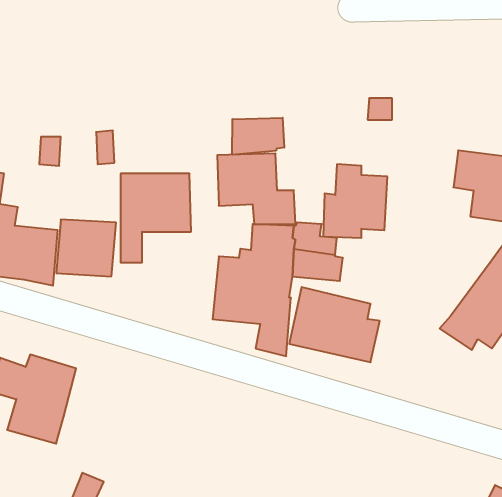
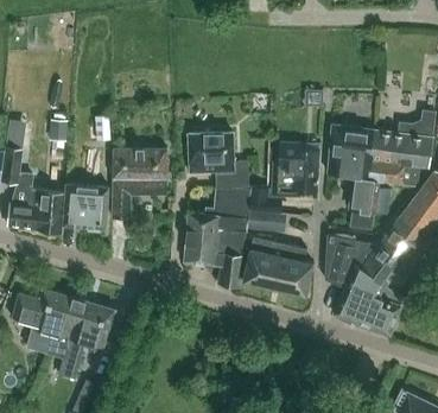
building: [232,118,284,155] -> none
building: none -> [328,125,389,230]
building: none -> [324,234,401,335]
building: none -> [63,299,115,362]

